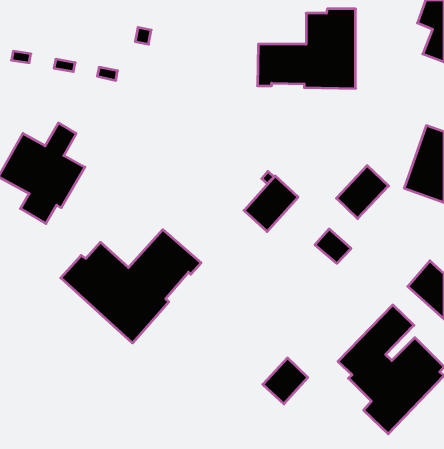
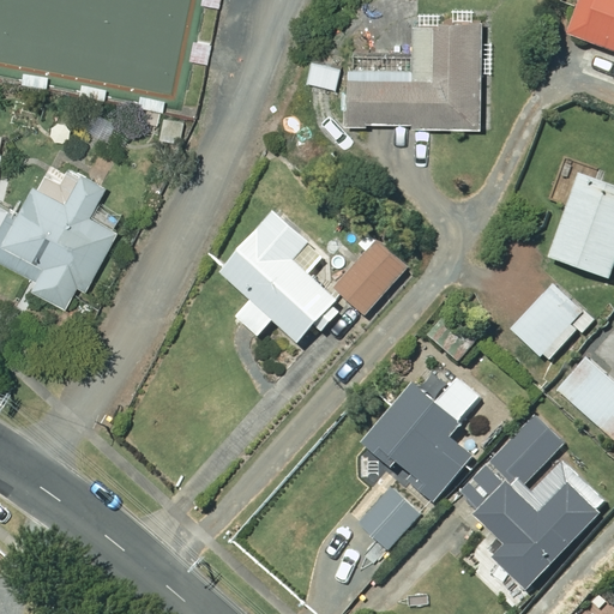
building: none -> [221,211,337,344]
building: [336,166,389,219] -> [510,285,580,357]
building: [61,230,201,343] -> none
building: none -> [361,381,476,504]

